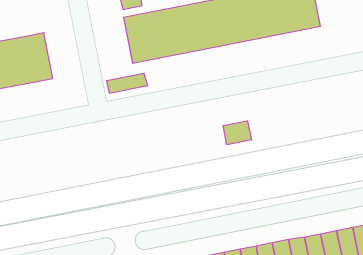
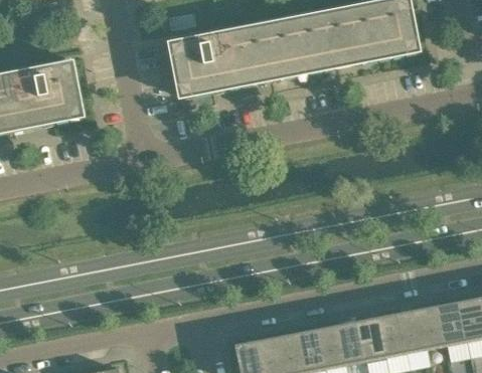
building: [107,73,147,93] -> none
building: [223,121,251,145] -> none

